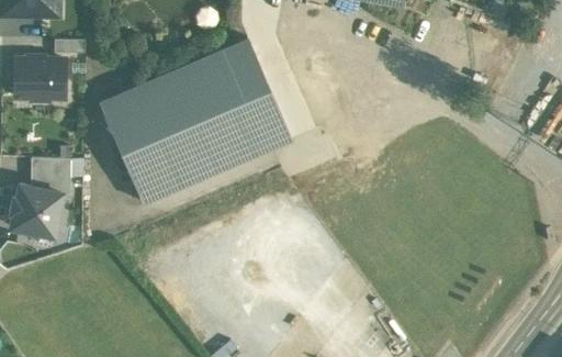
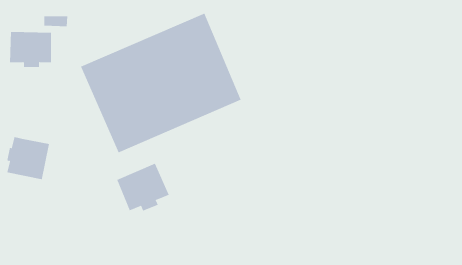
building: [30,159,70,198] -> none
building: none -> [117,163,169,211]

